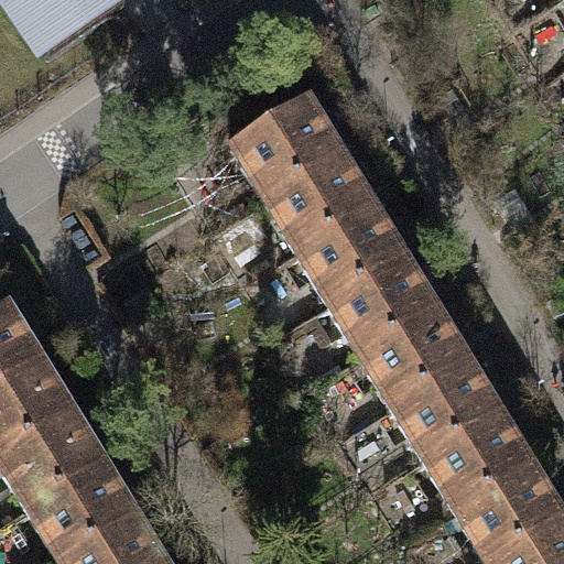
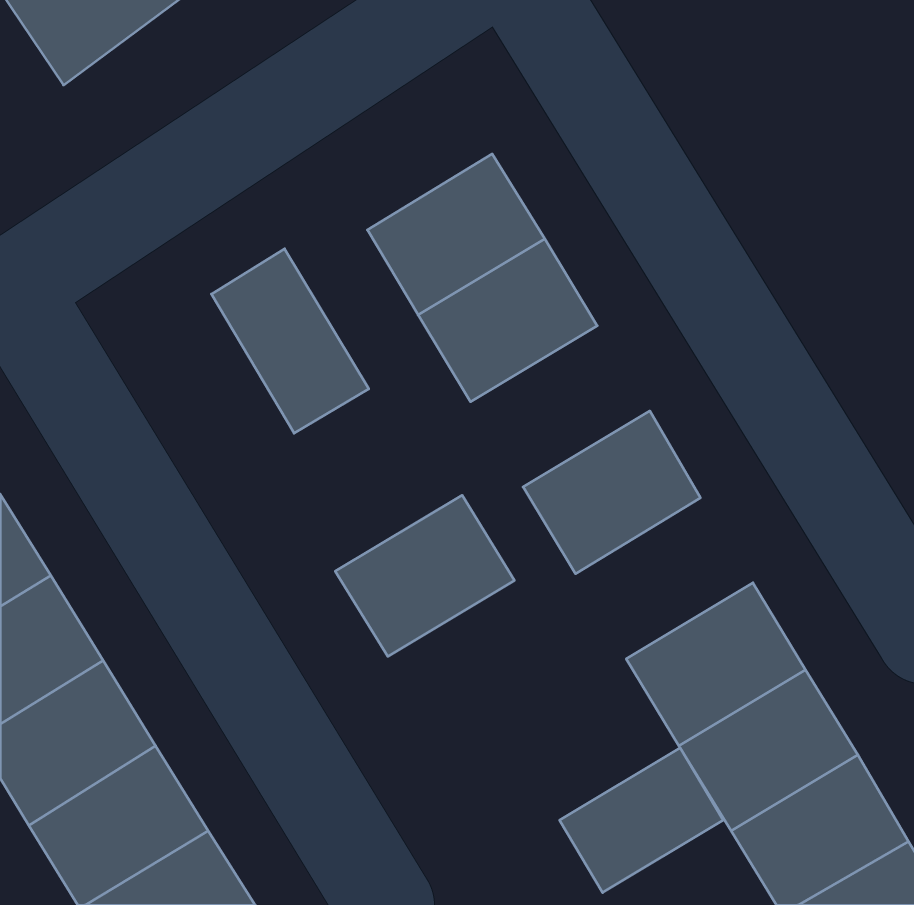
building: none -> [211,249,369,433]
building: [293,198,402,296] -> [335,495,514,656]
building: [357,303,465,401] -> none
building: none -> [560,748,723,893]

